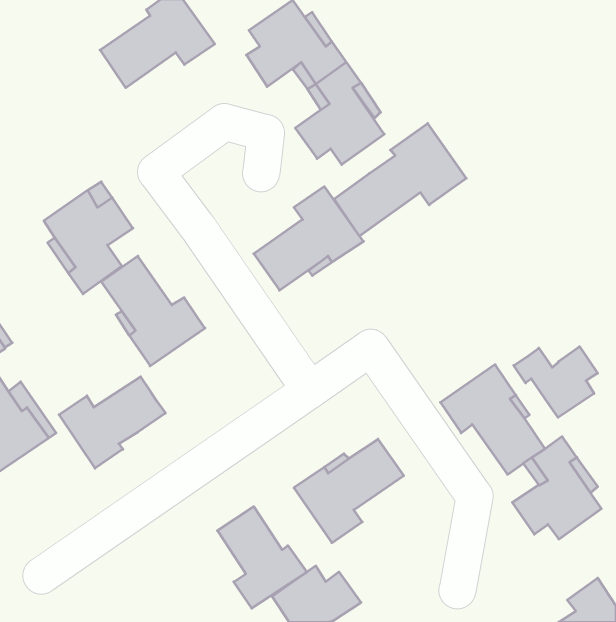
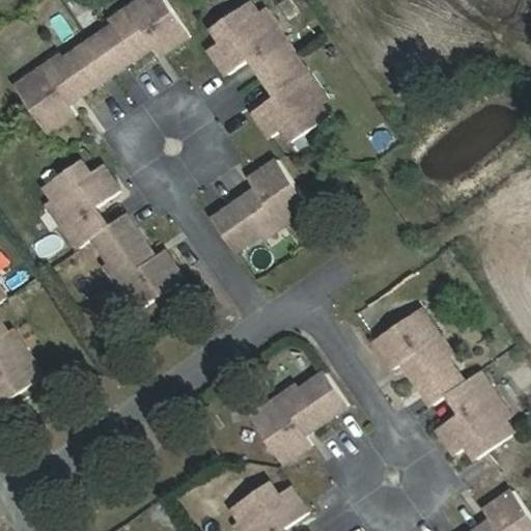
building: none -> [13,43,107,132]
building: [334,123,466,236] -> none
building: [514,347,598,417] -> none
building: [59,377,165,468] -> none
building: [217,507,307,608] -> none

